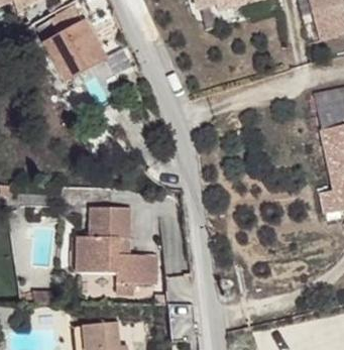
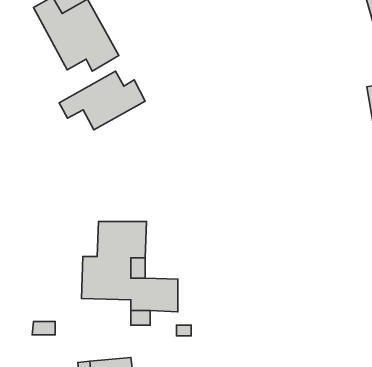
building: none -> [59,71,145,130]

